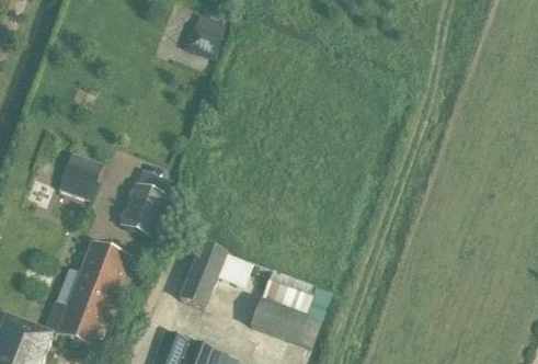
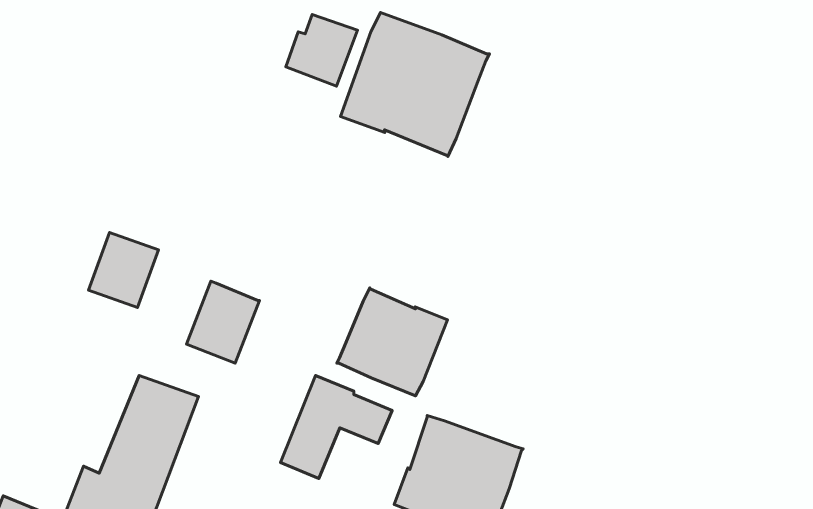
building: none -> [341,12,489,157]
building: none -> [337,288,447,396]

